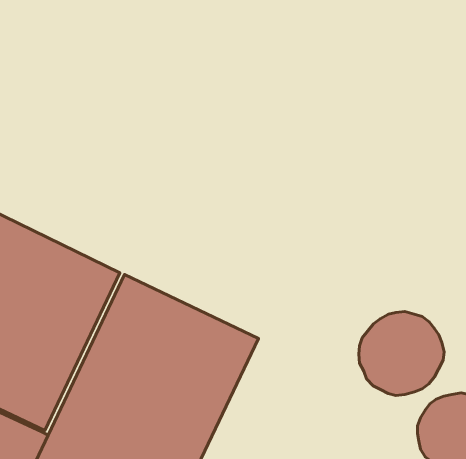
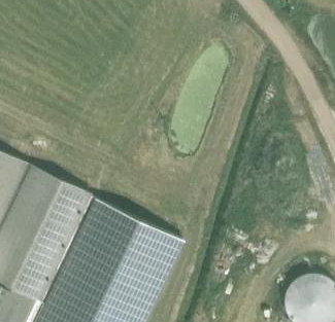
building: [359,312,444,396] -> none

